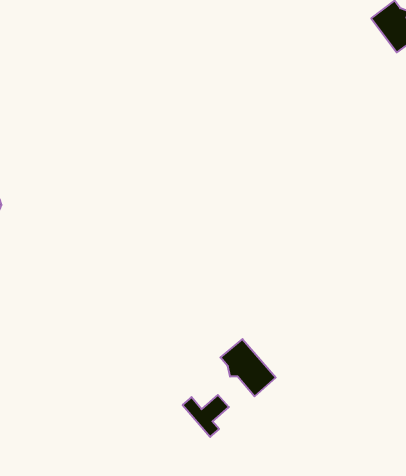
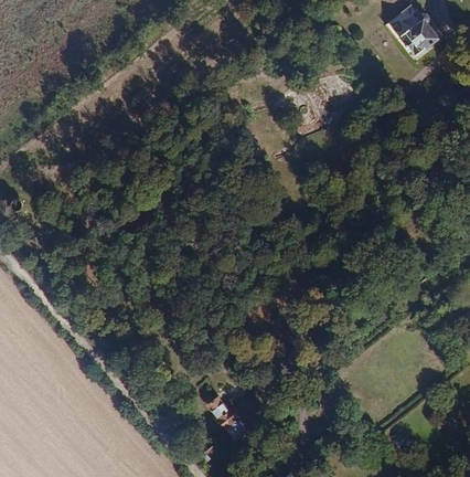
building: [220,339,276,396] -> none

